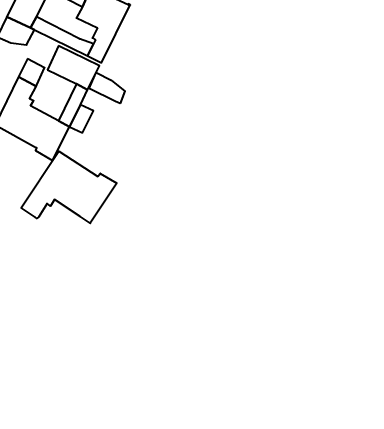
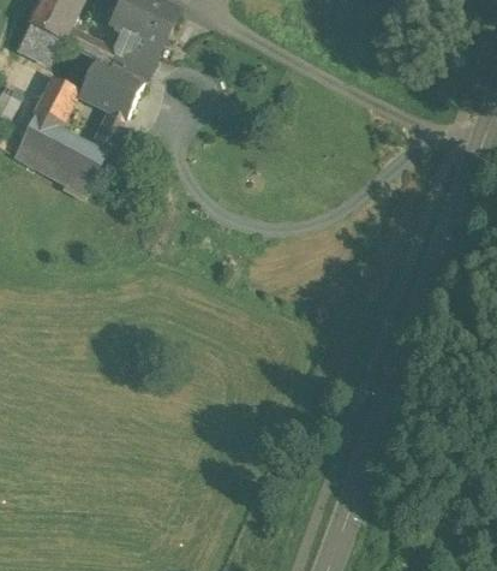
building: [89,73,125,103] -> none
building: [21,151,117,223] -> none

